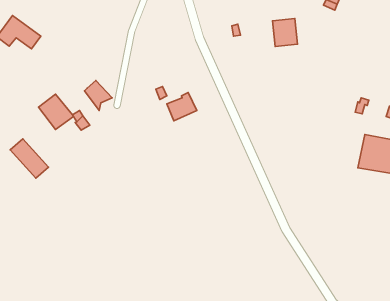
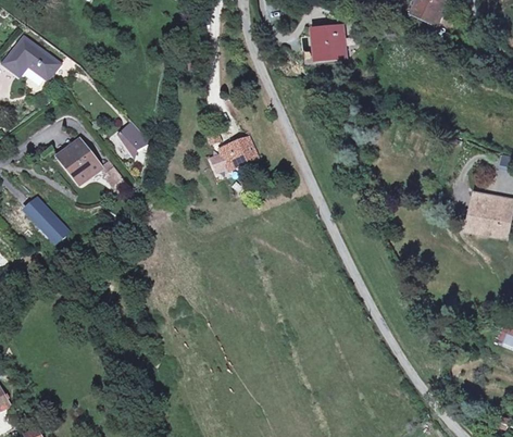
building: [273,18,297,47] -> [314,24,346,60]

